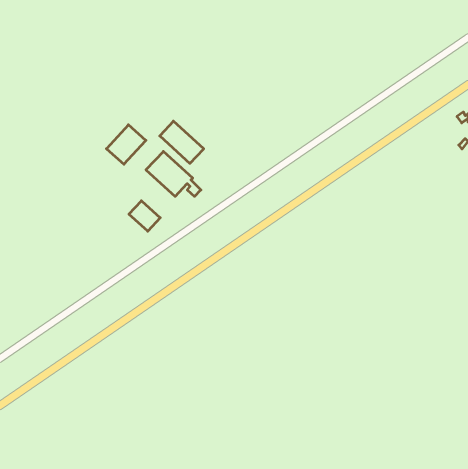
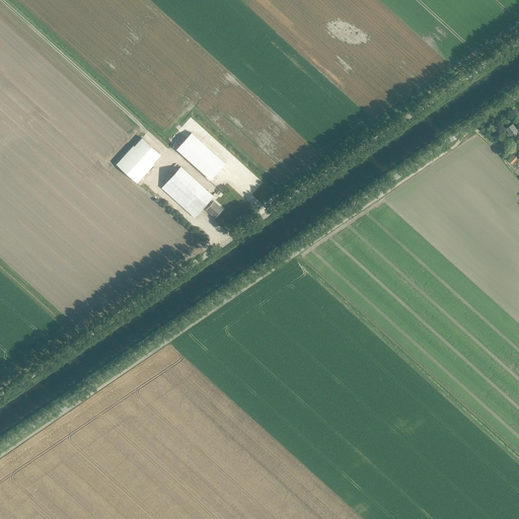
building: [129,201,160,231] -> none

